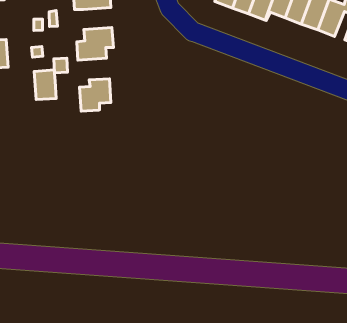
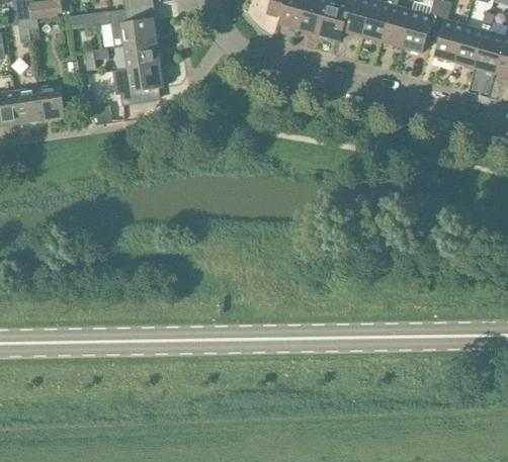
building: none -> [123,40,159,69]
building: [34,70,56,99] -> [36,84,65,120]
building: [80,79,111,111] -> none

